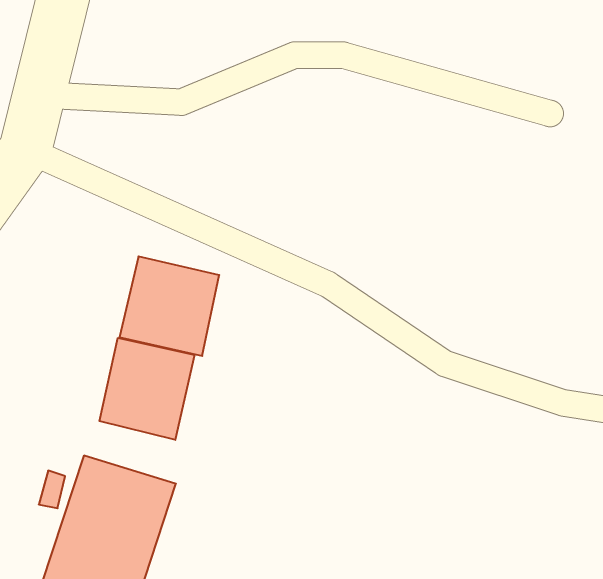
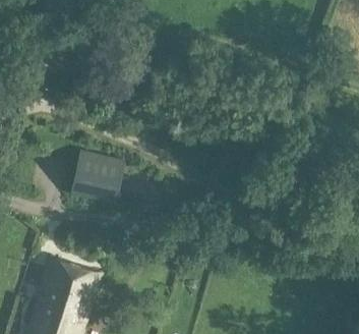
building: [99,338,195,440] -> none

